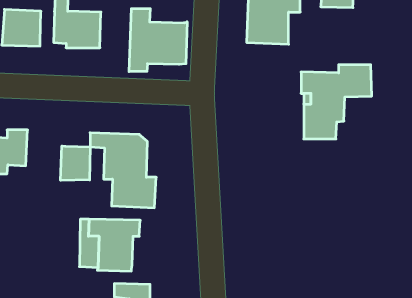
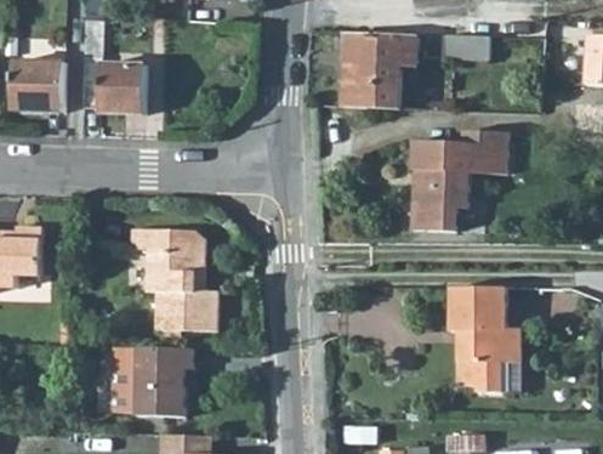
building: [129,9,187,72] -> none
building: [61,146,90,180] -> none
building: none -> [451,293,520,397]

